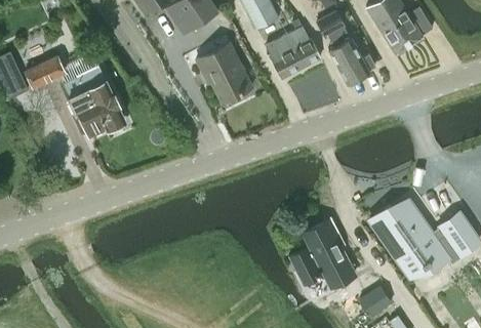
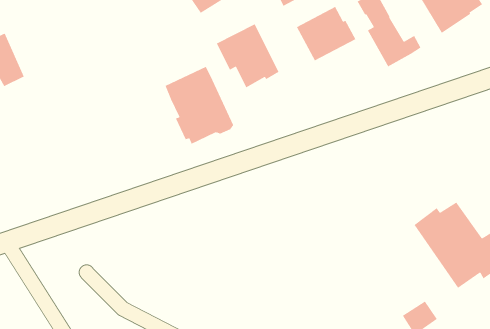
building: [25,56,67,90] -> none
building: [63,68,124,137] -> [164,66,234,145]
building: [291,218,355,288] -> none

